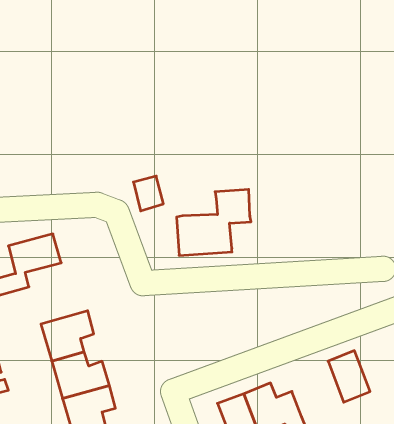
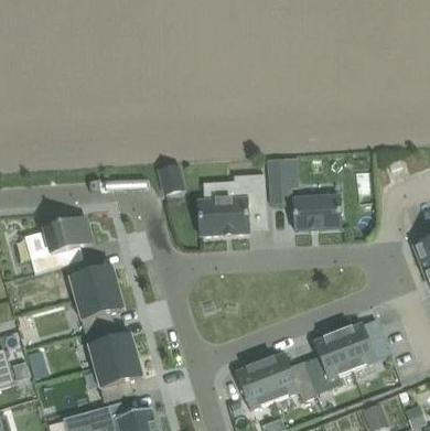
building: none -> [268,159,288,202]
building: none -> [293,195,342,229]
building: none -> [65,257,117,299]
building: none -> [313,333,352,379]

